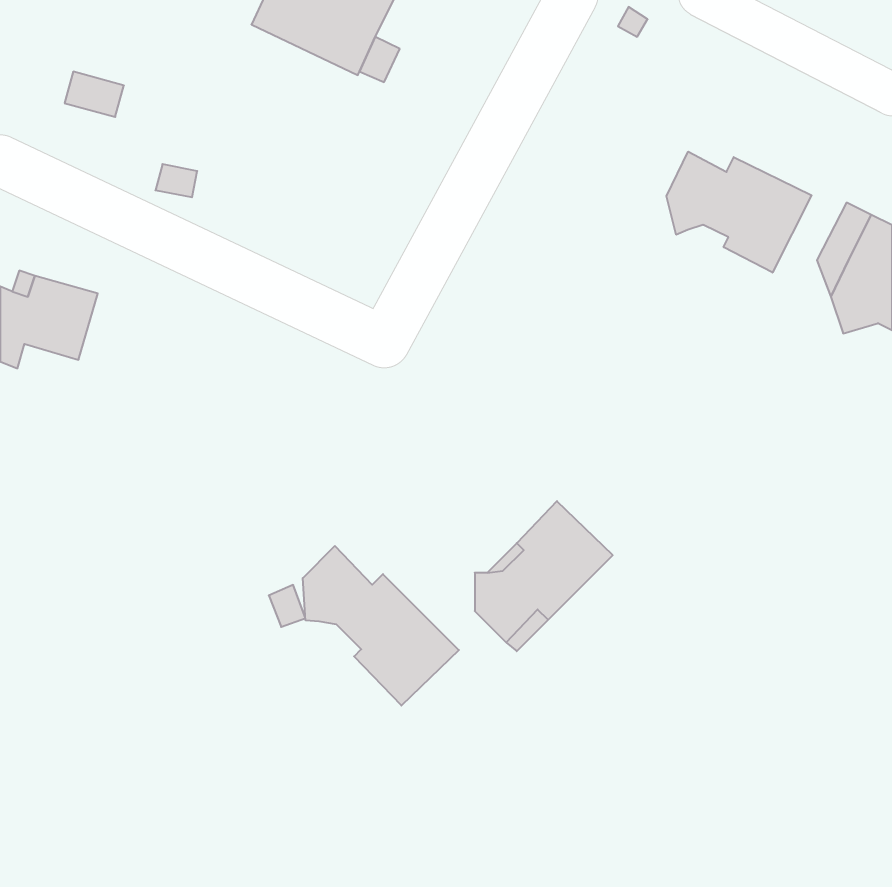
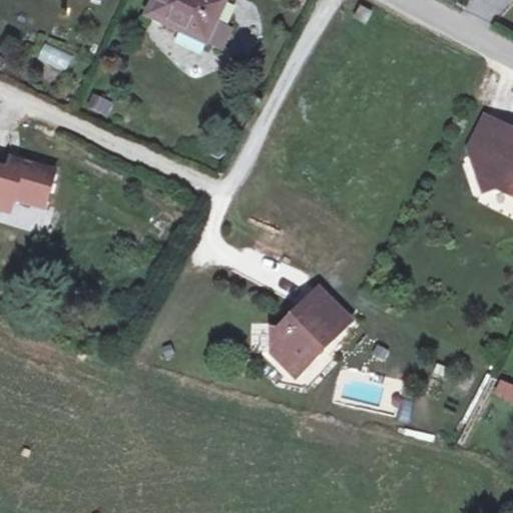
building: [666,152,812,273] -> none
building: [303,546,459,706] -> none

